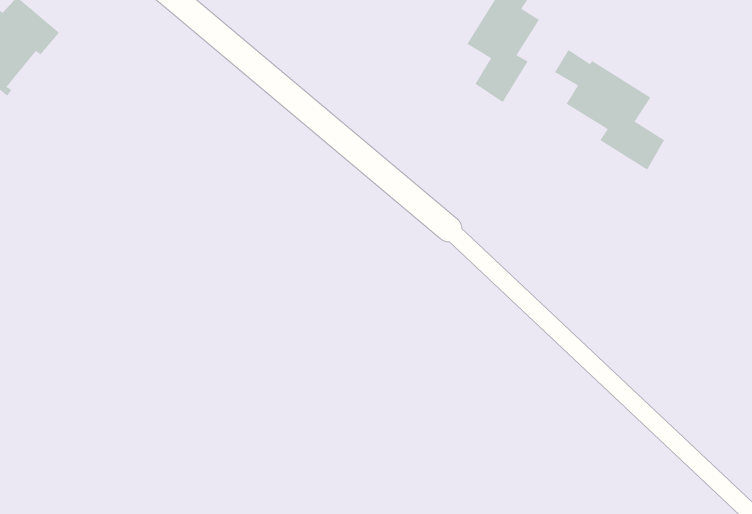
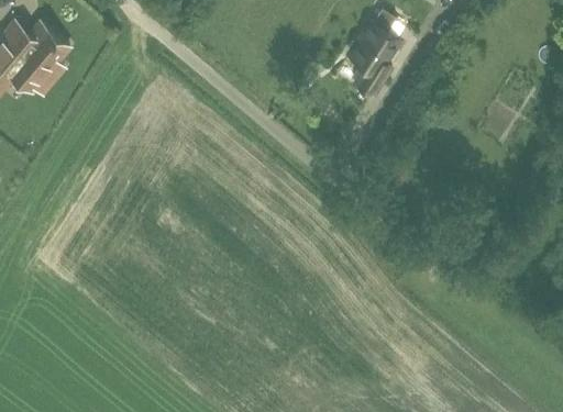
building: [554,49,665,171] -> none

